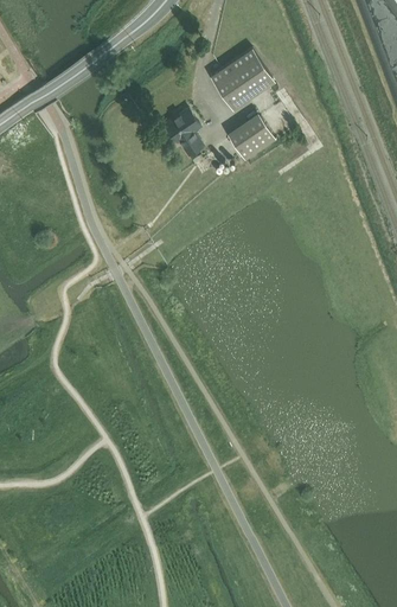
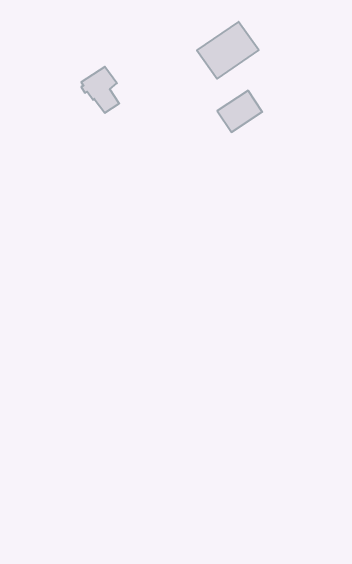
building: [166,107,204,153] -> [81,67,119,113]

